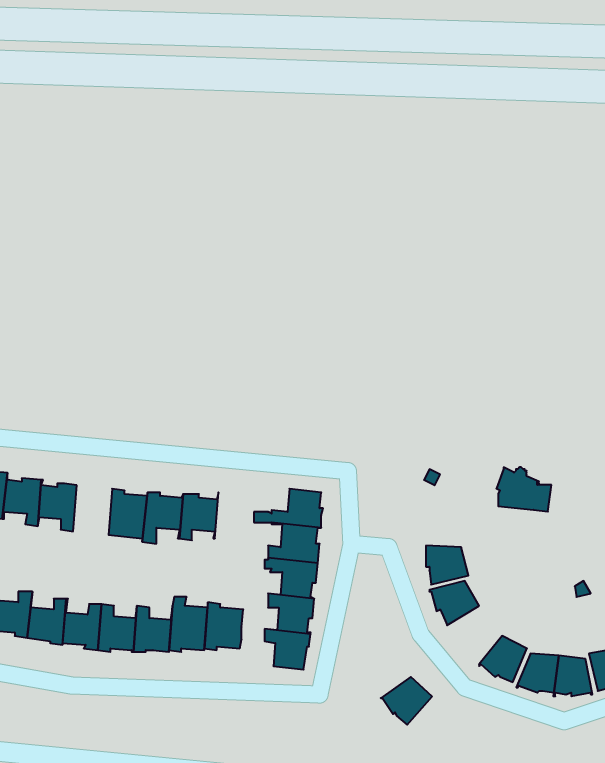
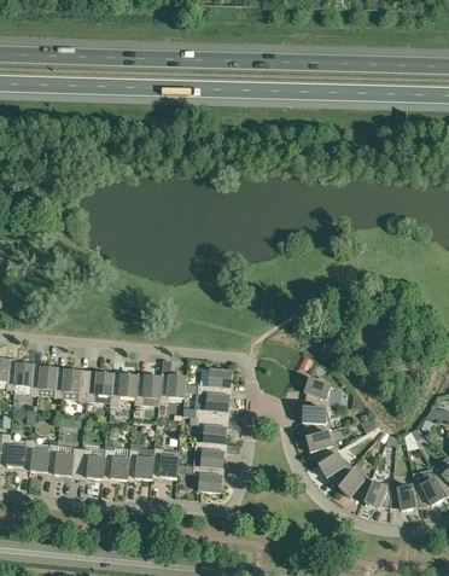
building: [496,467,551,512] -> [303,377,340,407]
building: none -> [62,366,88,400]
building: none -> [158,371,185,403]
building: [381,677,432,725] -> [317,452,352,484]

